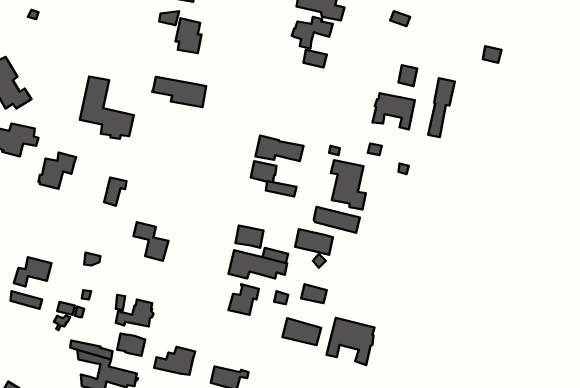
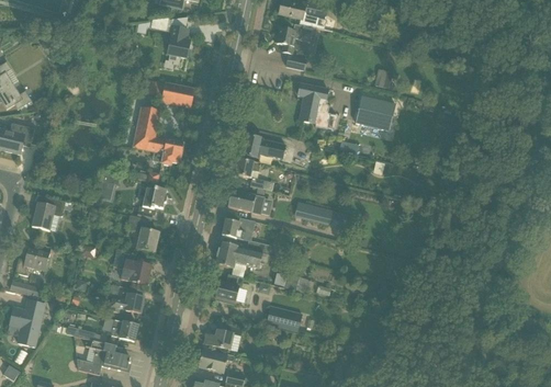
building: [80,77,134,139] -> [133,106,183,164]
building: [428,78,455,137] -> none
building: [39,153,76,189] -> [31,196,66,230]
building: [331,160,366,209] -> [297,82,330,128]
building: none -> [137,186,167,219]
building: [295,229,333,255] -> [228,190,263,214]
building: none -> [112,251,151,284]
building: none -> [9,299,45,345]
building: [326,318,374,365] -> none
building: [154,347,195,375] -> [204,323,243,350]

